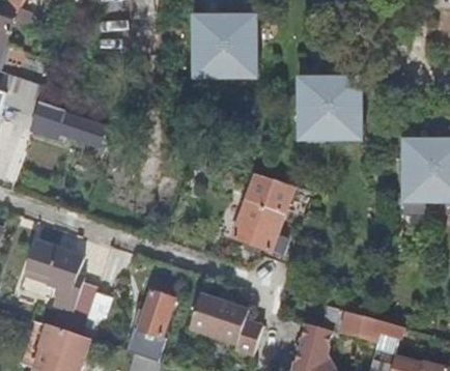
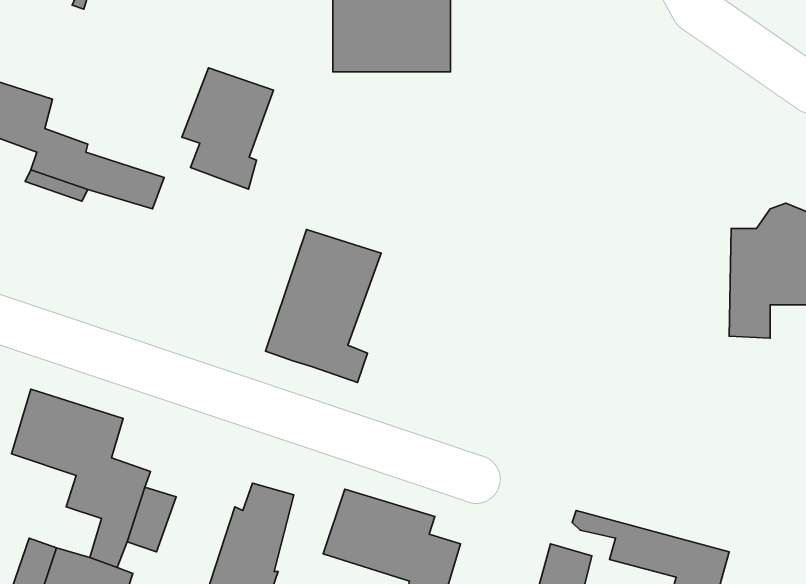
building: none -> [182,68,274,189]
building: [299,81,360,135] -> none
building: [233,172,294,253] -> [265,230,381,382]

